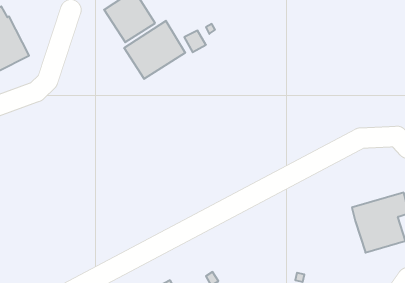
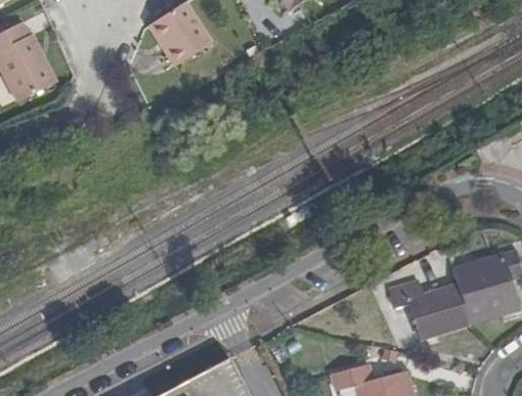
building: [124,21,185,79] -> none
building: none -> [389,275,469,339]

